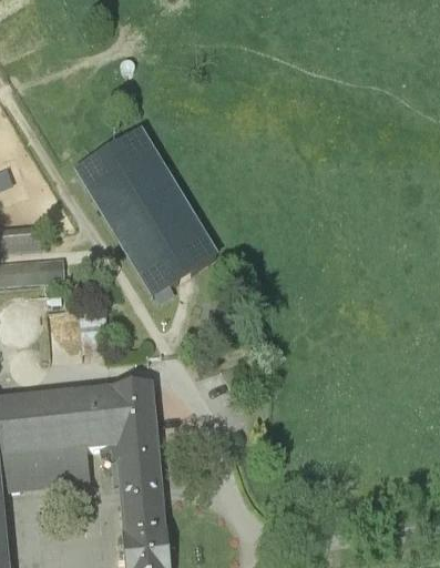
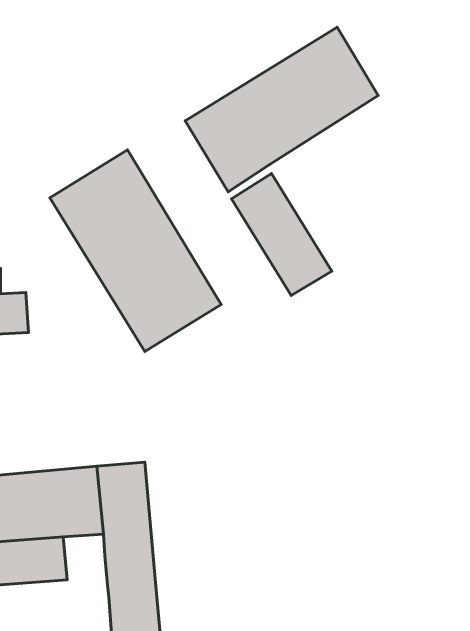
building: none -> [185,27,378,192]
building: none -> [231,174,332,296]

